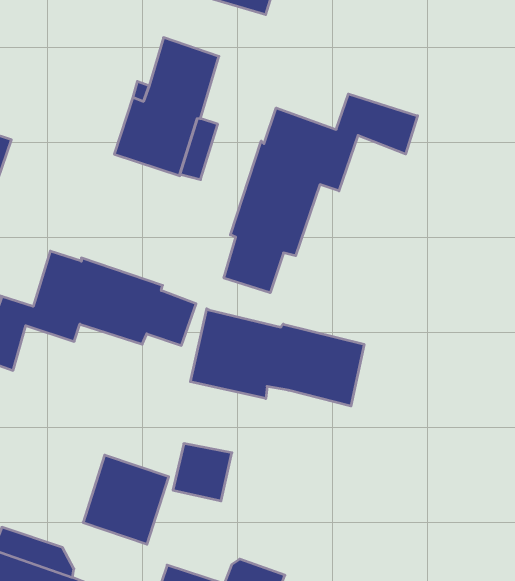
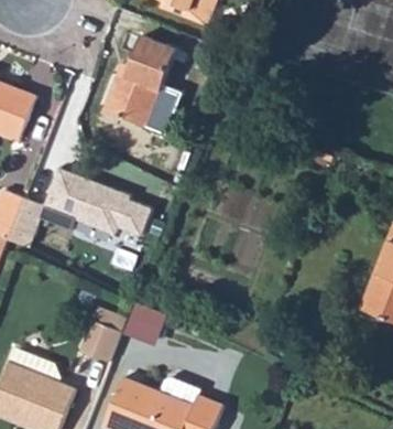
building: [224,94,418,293] -> none
building: [190,309,364,406] -> none

